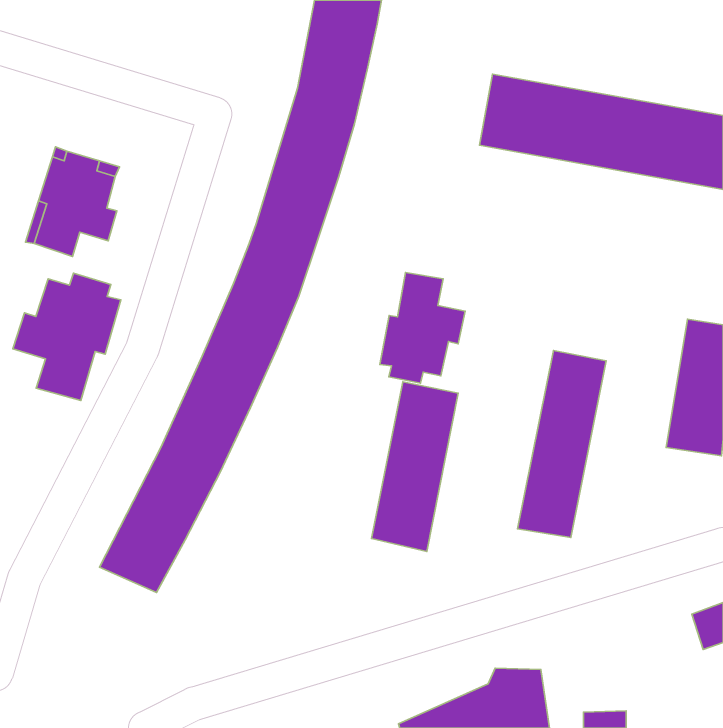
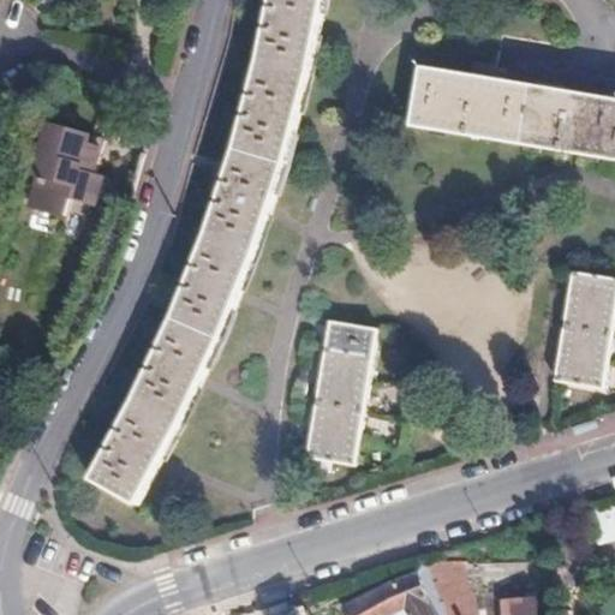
building: [380,272,465,383] -> none
building: [13,273,121,401] -> none
building: [518,351,606,538] -> none

